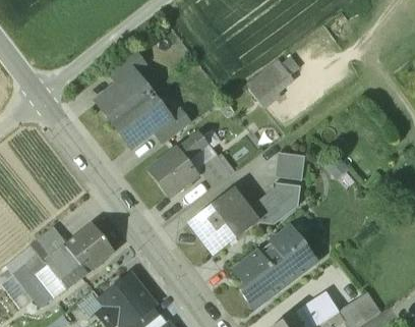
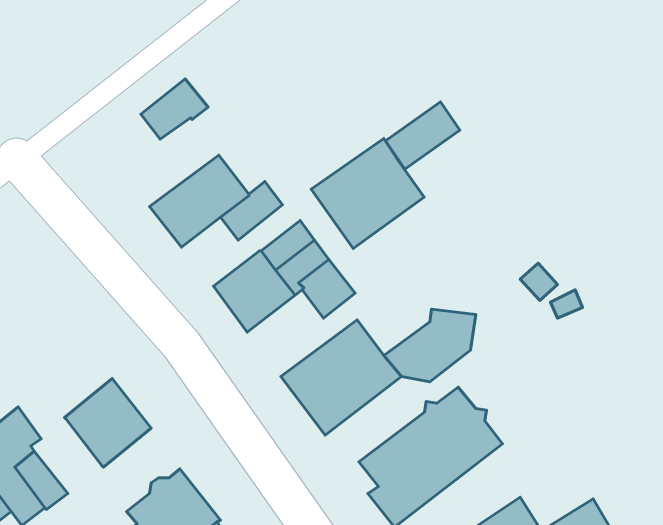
building: [98,72,154,123] -> none
building: none -> [311,138,424,248]
building: [278,153,305,179] -> none
building: [46,246,86,288] -> none

